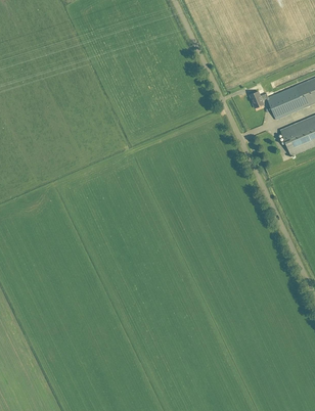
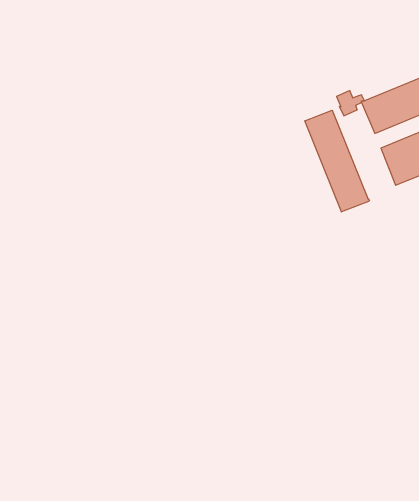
building: none -> [305,110,369,212]

